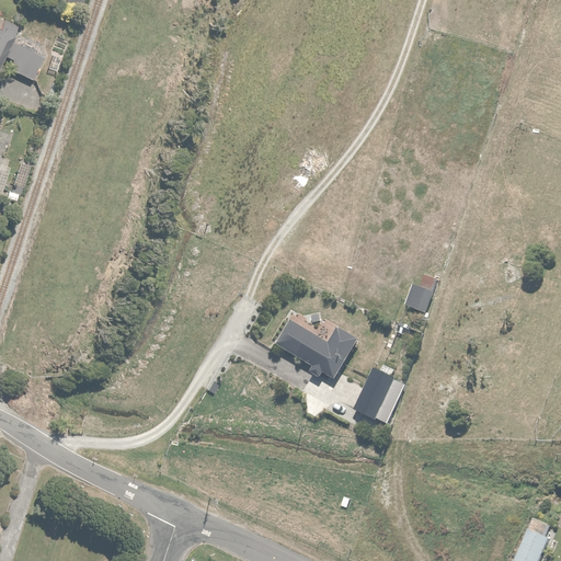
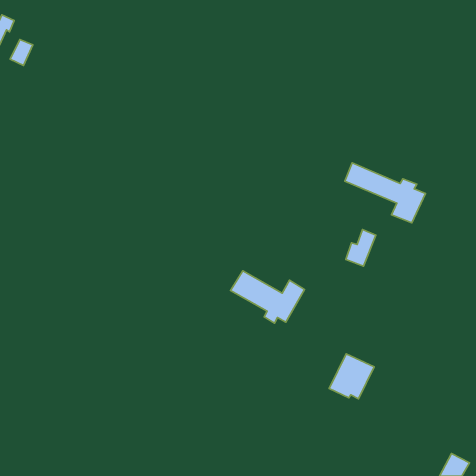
building: none -> [345,163,425,223]
building: [353,368,405,421] -> [329,354,374,399]

